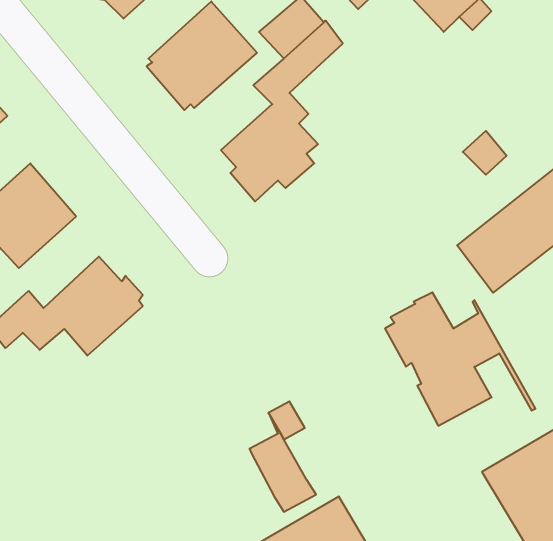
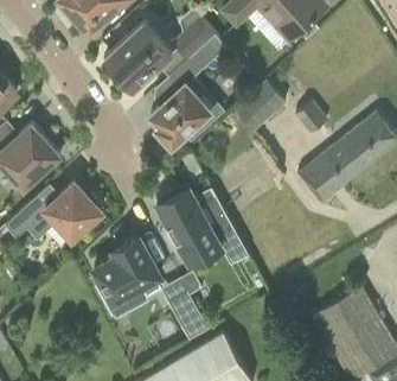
building: none -> [235,81,286,131]
building: [385,292,535,426] -> [156,183,250,266]
building: none -> [94,236,162,305]

